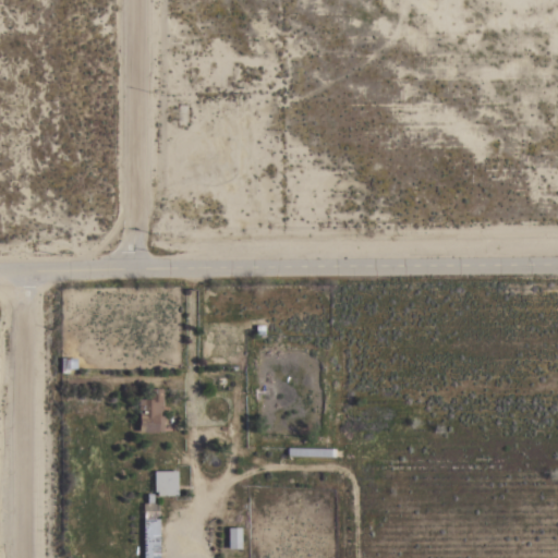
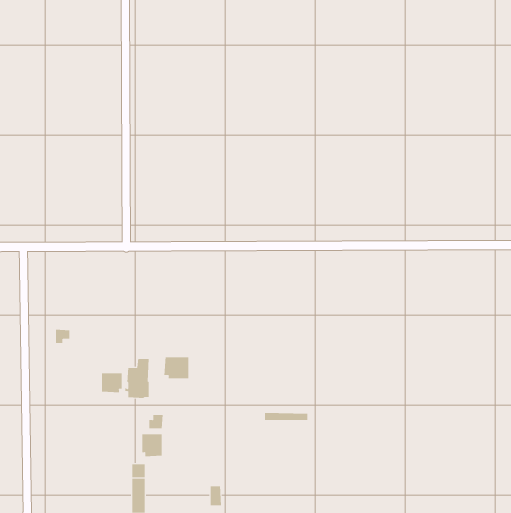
building: none -> [164,357,189,379]
building: none -> [102,372,122,393]

